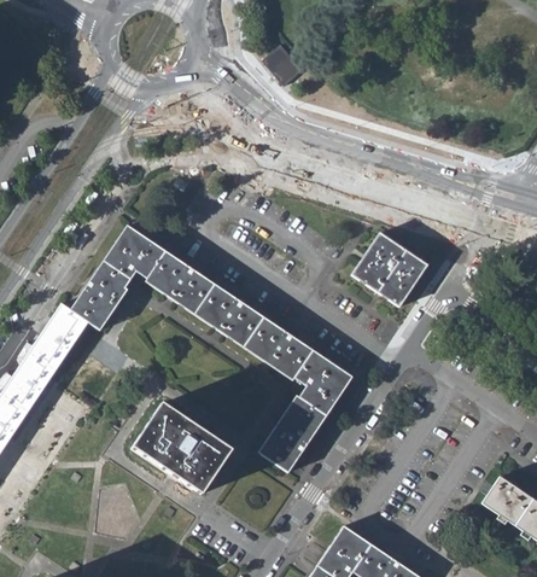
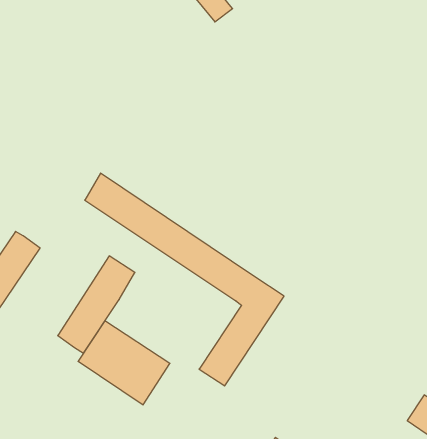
building: [71,223,154,328] -> [58,256,135,353]
building: [351,232,426,305] -> none

